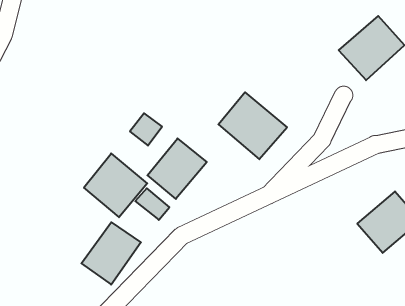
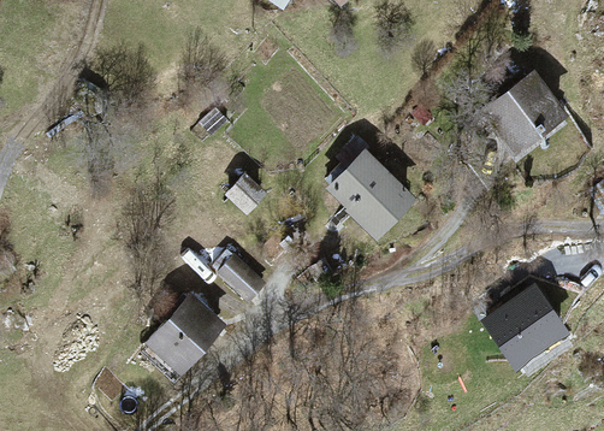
building: [147,138,207,199] -> none
building: [84,153,147,217] -> none

